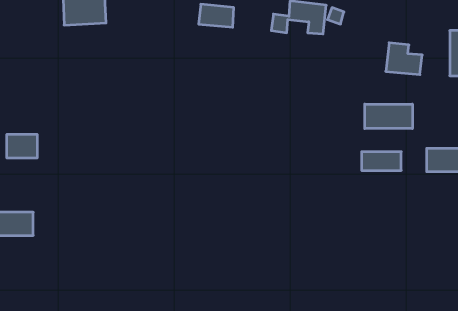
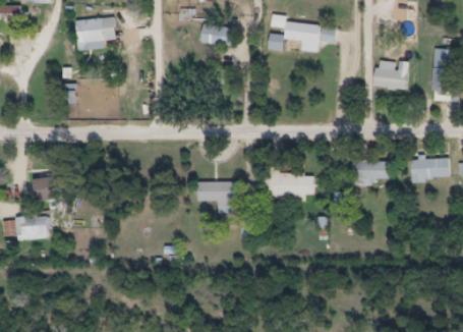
building: [365,104,412,129] -> none
building: [7,135,37,158] -> [34,177,62,199]
building: none -> [263,167,313,199]
building: none -> [197,182,238,201]

